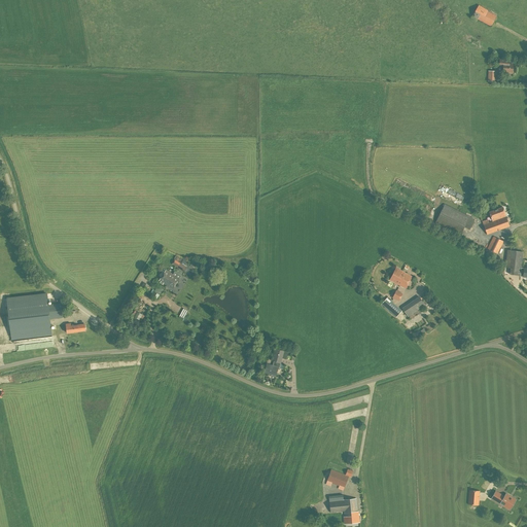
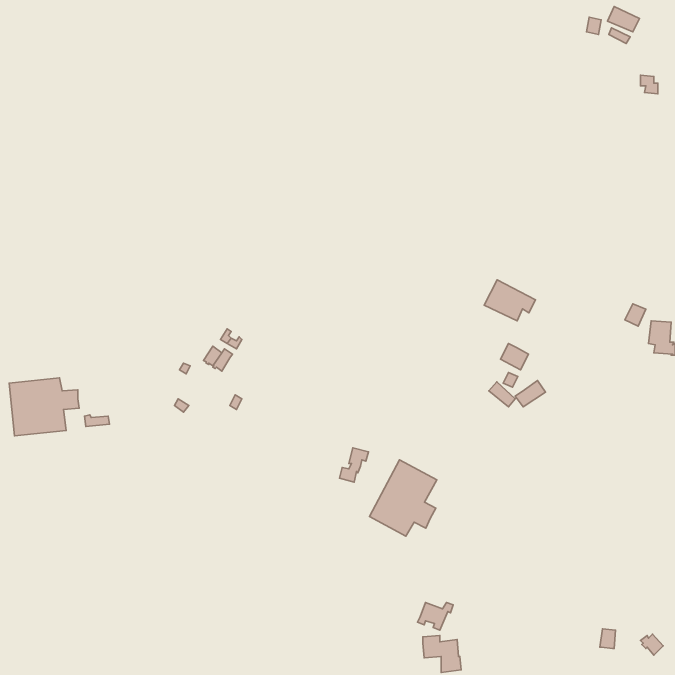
building: [434,204,475,236] -> [484,280,536,321]
building: [482,208,510,235] -> none
building: none -> [369,460,437,536]

